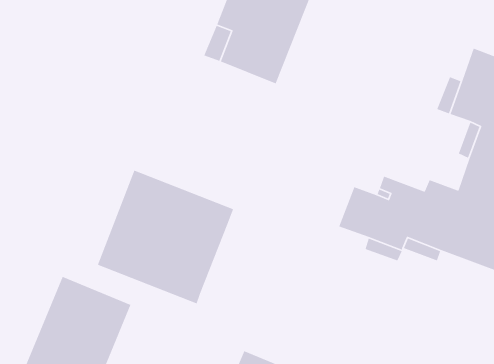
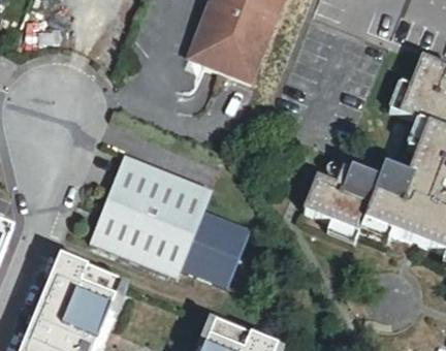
building: none -> [183,206,254,286]

